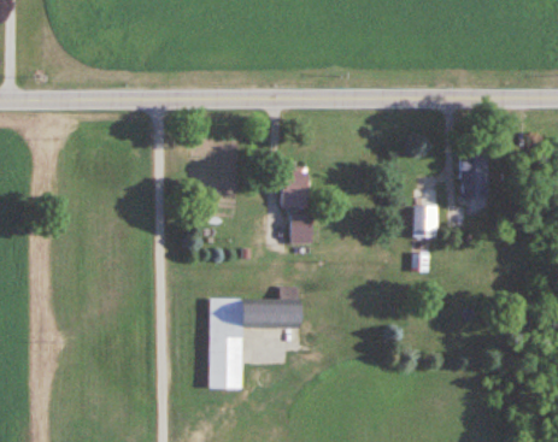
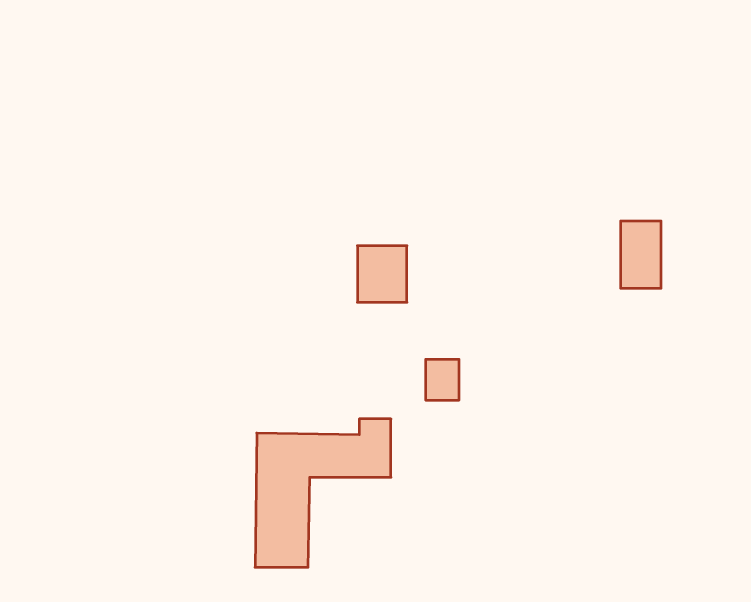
building: [413,207,436,238] -> none
building: [290,214,313,242] -> [426,359,459,400]

